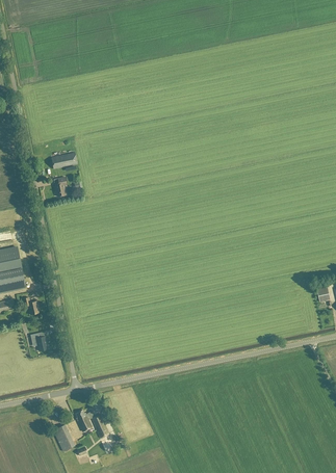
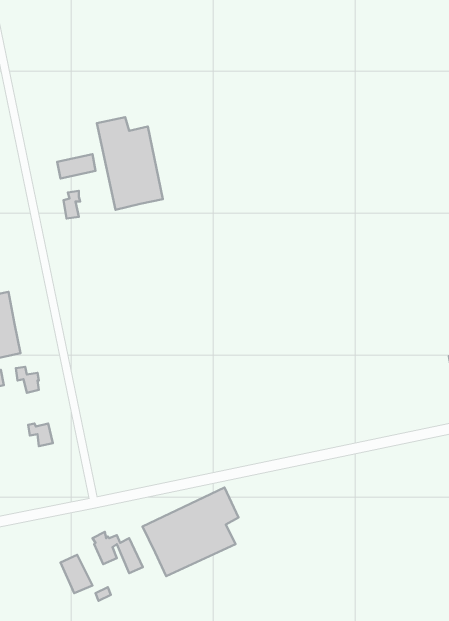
building: none -> [97,117,163,210]
building: none -> [142,488,239,576]

